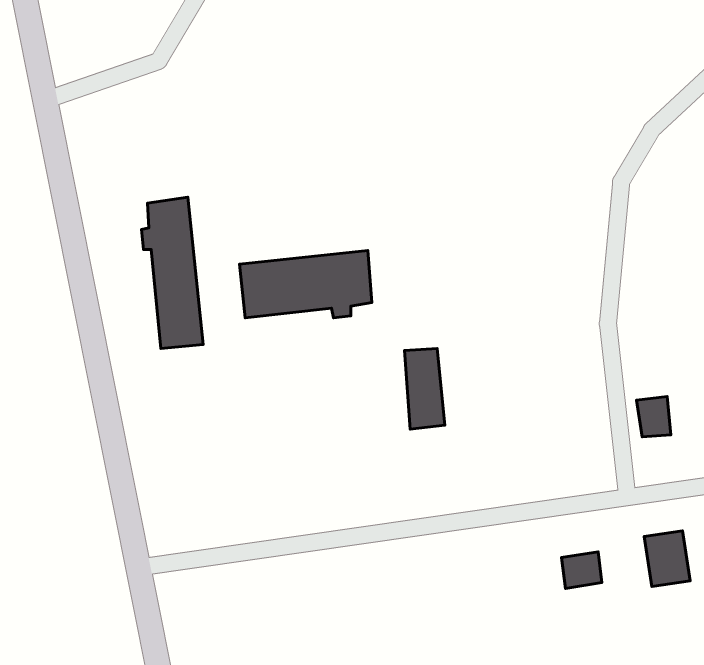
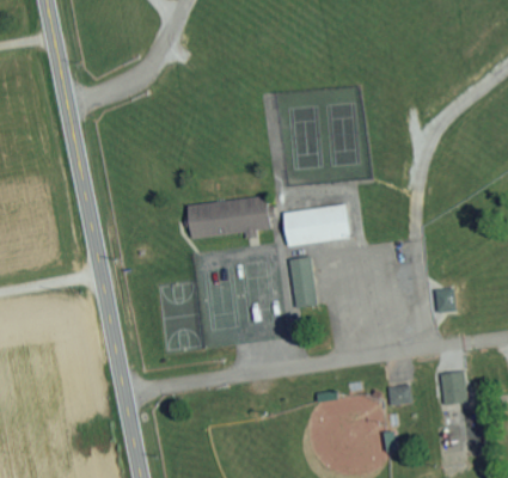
building: [141,197,203,349] -> none
building: none -> [283,206,350,245]

